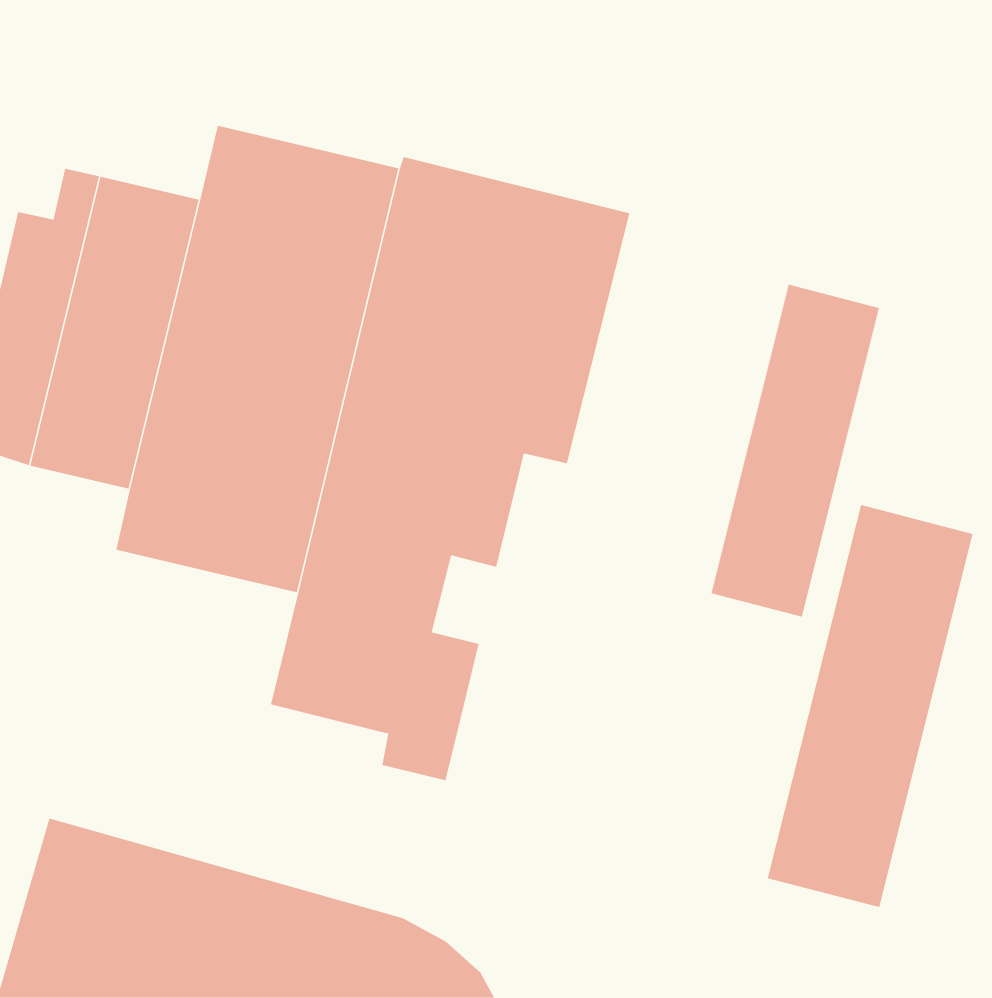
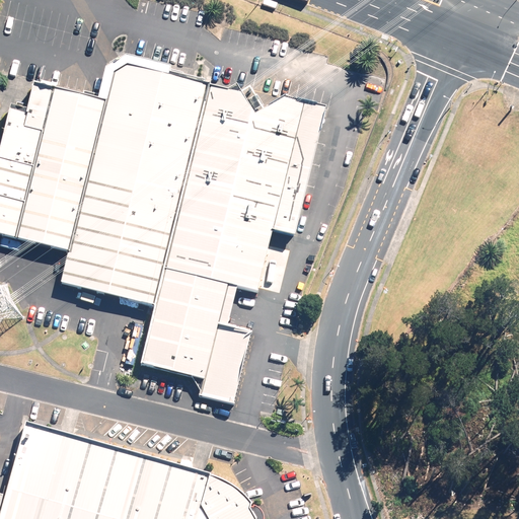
building: [711,284,880,617] -> none
building: [767,504,973,908] -> none

